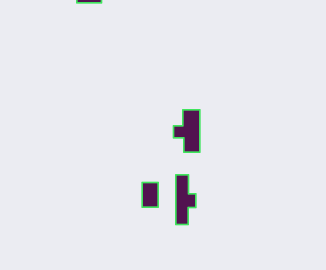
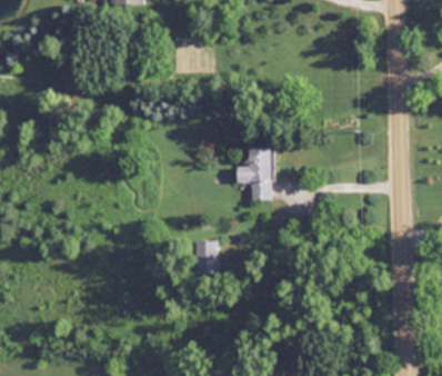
building: [176,175,196,225] -> none

